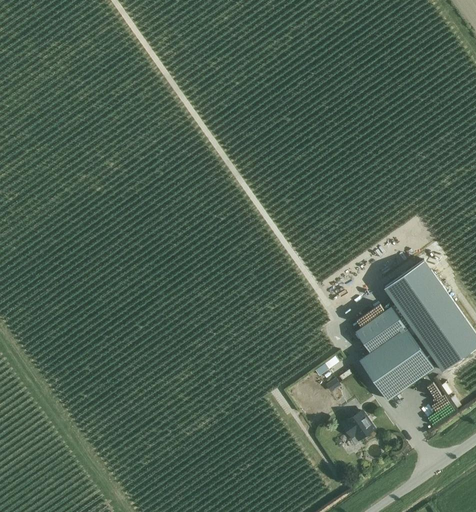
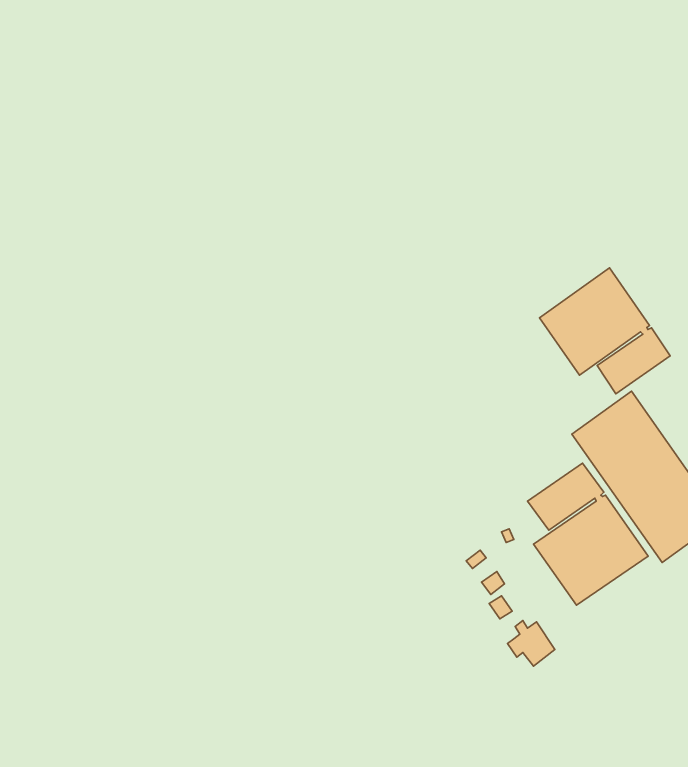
building: none -> [540,268,670,394]

